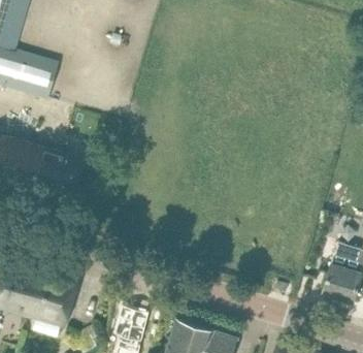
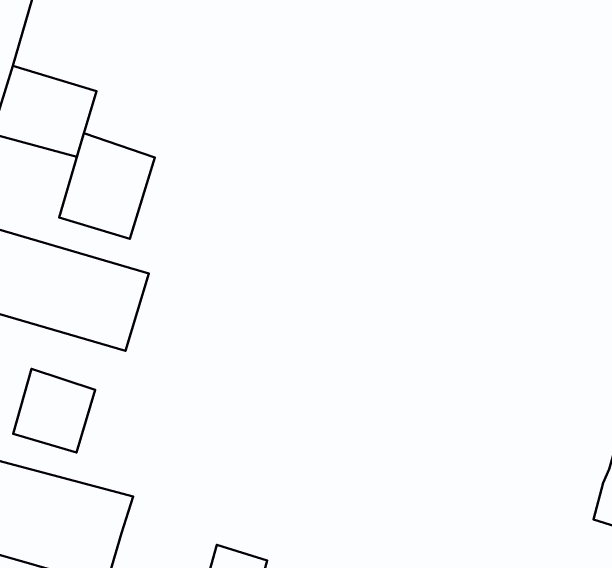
building: none -> [59,133,155,239]
building: none -> [13,369,95,452]

